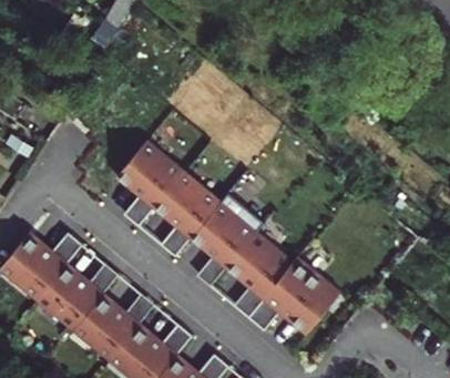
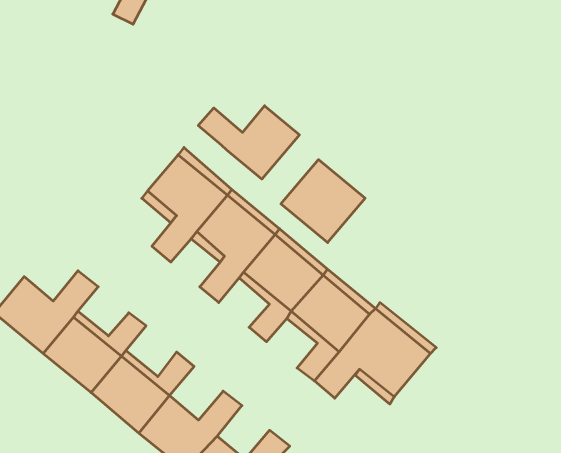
building: none -> [198,106,299,179]
building: none -> [281,160,365,243]

